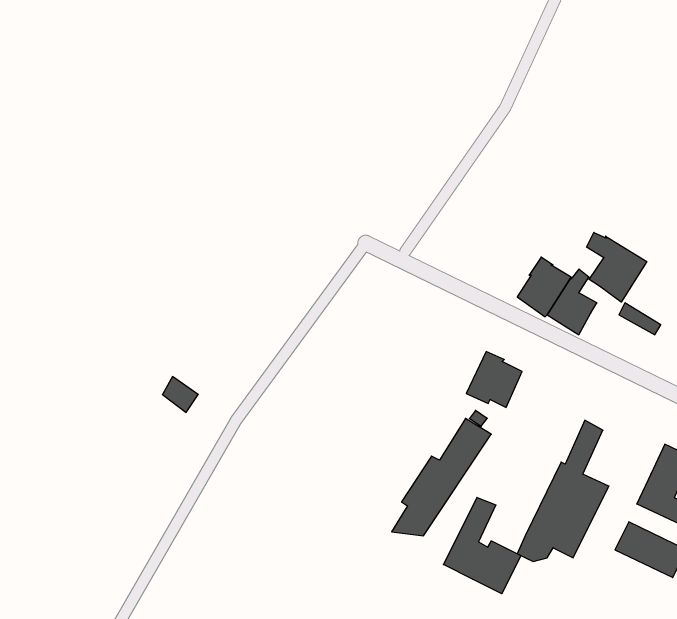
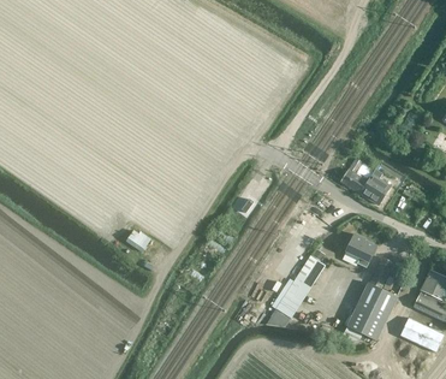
building: [587,232,647,302] -> none
building: [466,352,522,407] -> [343,232,376,266]
building: [443,497,521,594] -> none

